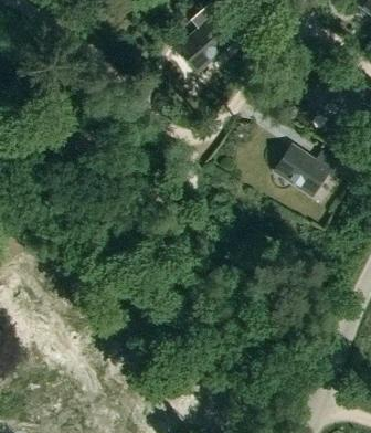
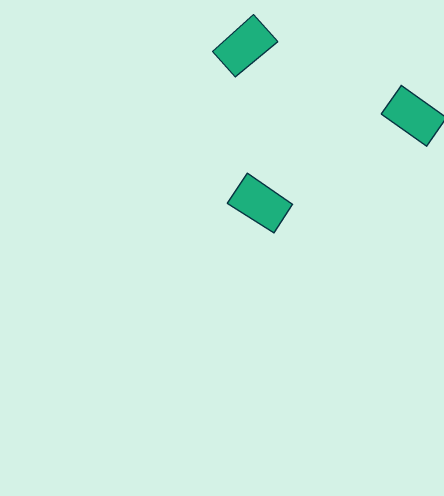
building: [275,145,326,191] -> [227,173,293,233]

